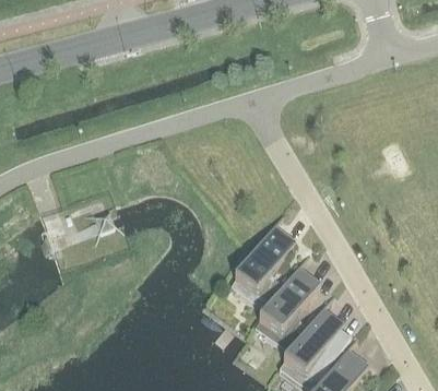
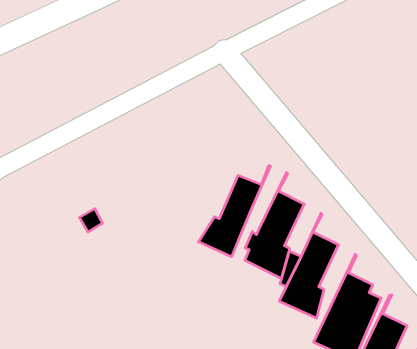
building: none -> [198,166,270,257]

